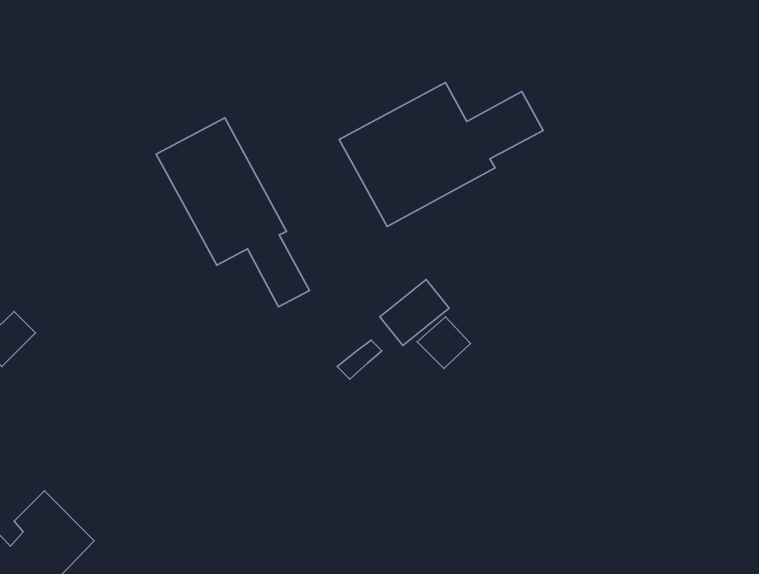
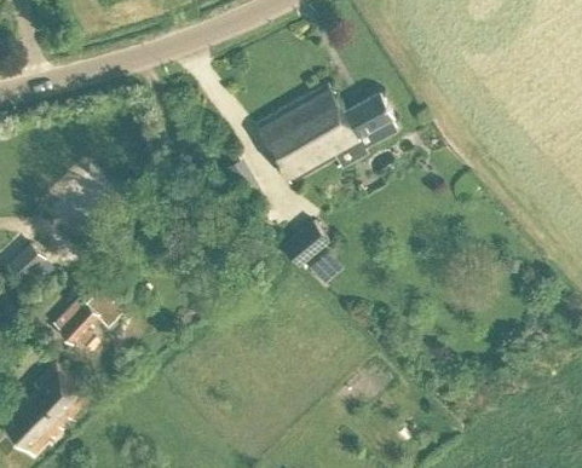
building: [156,118,309,307] -> none
building: none -> [57,289,127,348]

